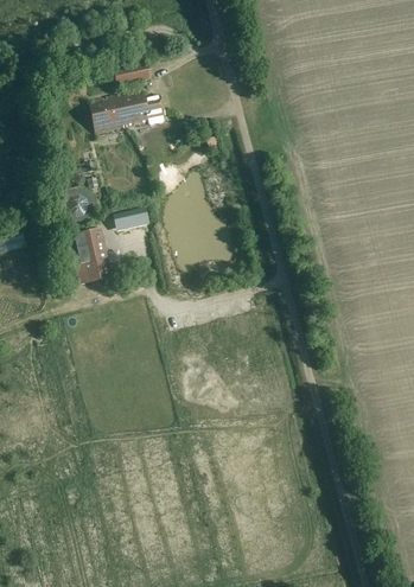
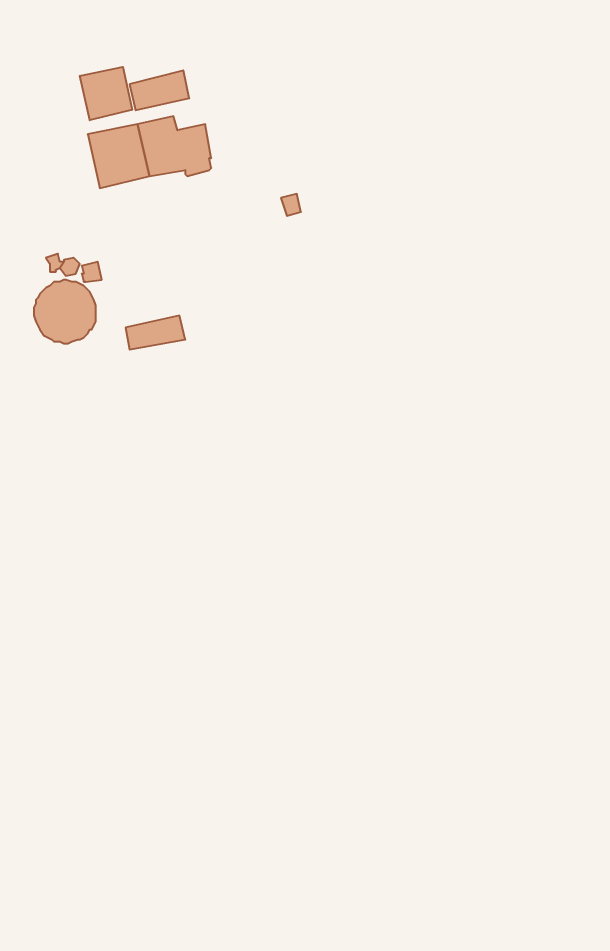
building: none -> [80,67,132,120]
building: [69,229,110,282] -> none

